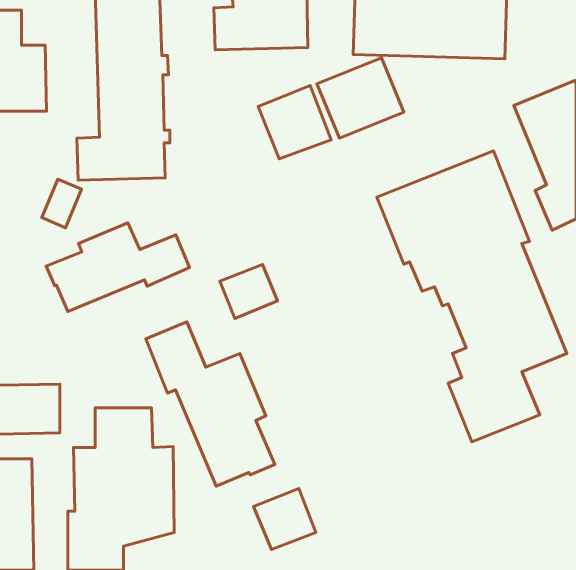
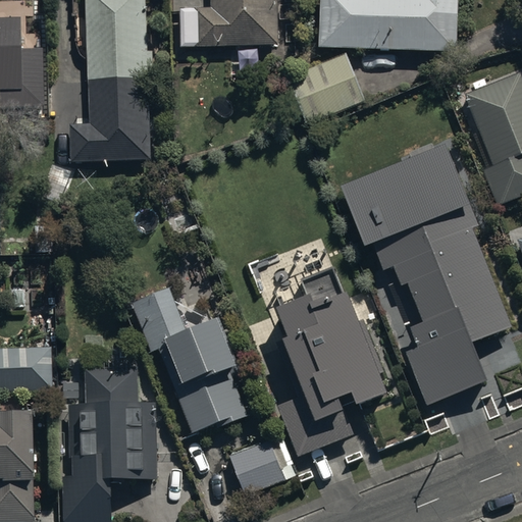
building: [258,86,331,159] -> none
building: [46,223,190,311] -> none
building: [220,265,277,319] -> none
building: none -> [275,268,387,456]

